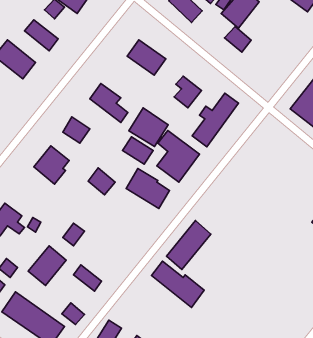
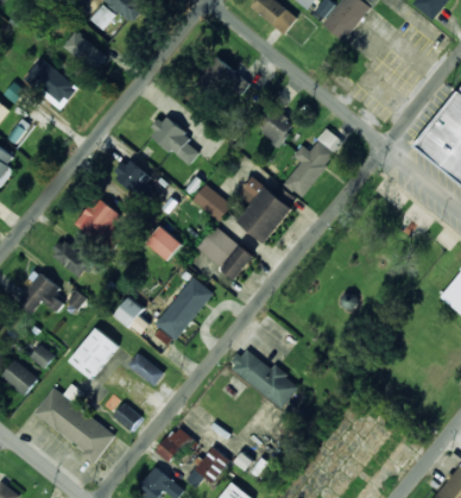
building: [225,26,251,52] -> none
building: [129,108,168,147] -> none
building: none -> [50,238,90,276]
building: [166,221,211,270] -> [154,276,213,340]

